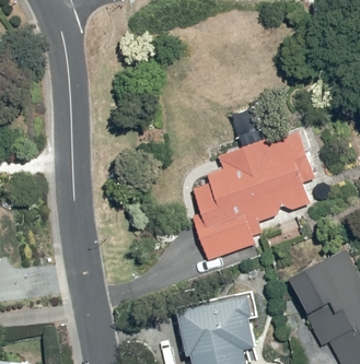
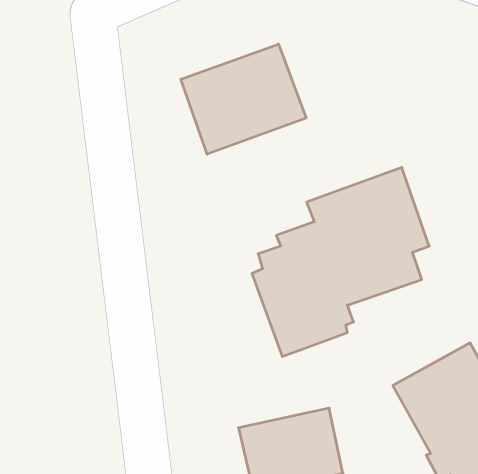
building: none -> [181,44,306,154]

